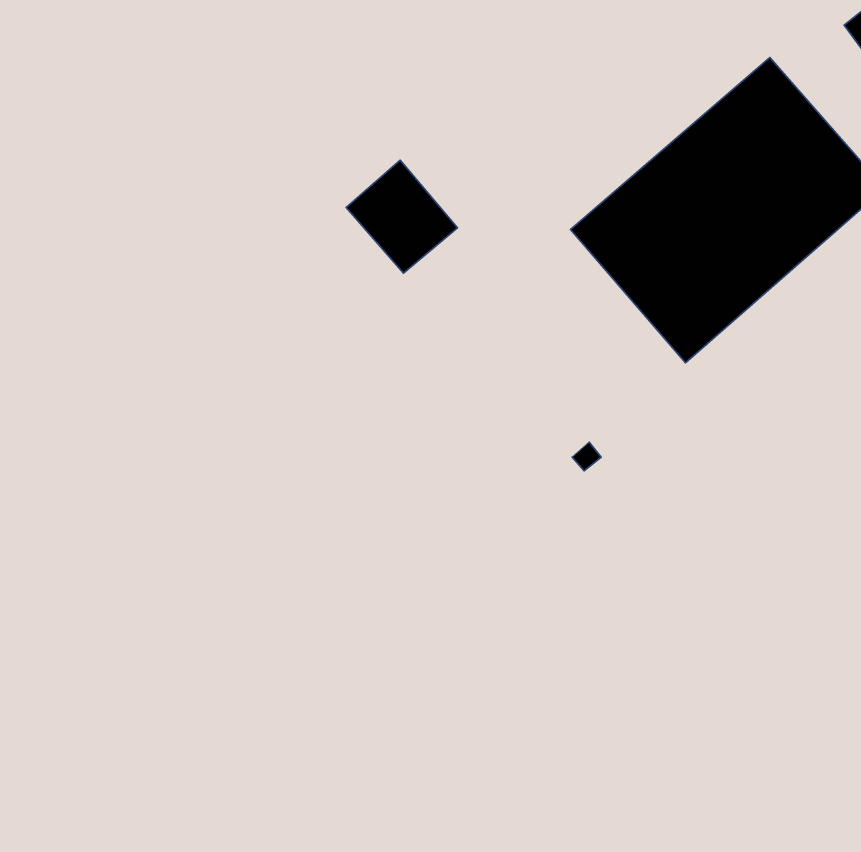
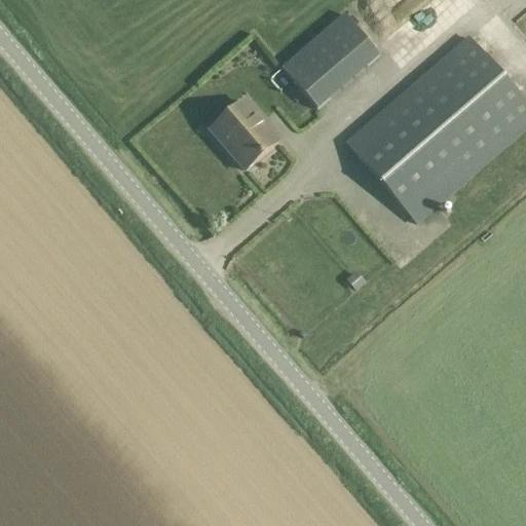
building: none -> [278,14,381,114]

